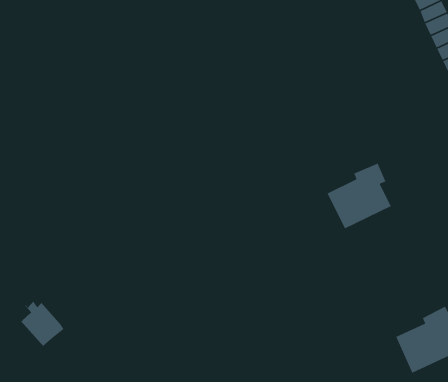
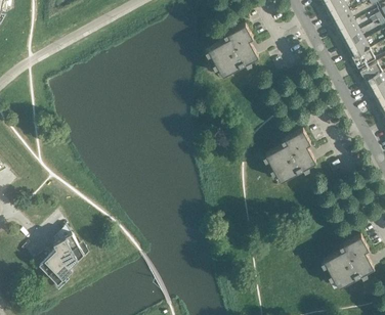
building: none -> [208,22,258,75]
building: none -> [53,231,84,265]

